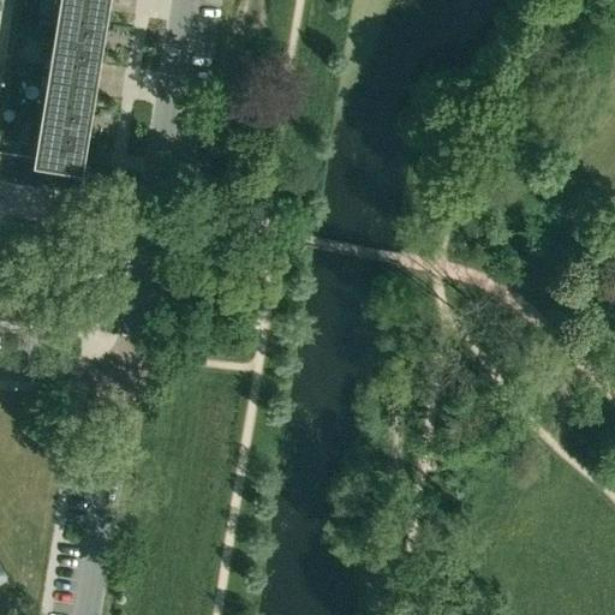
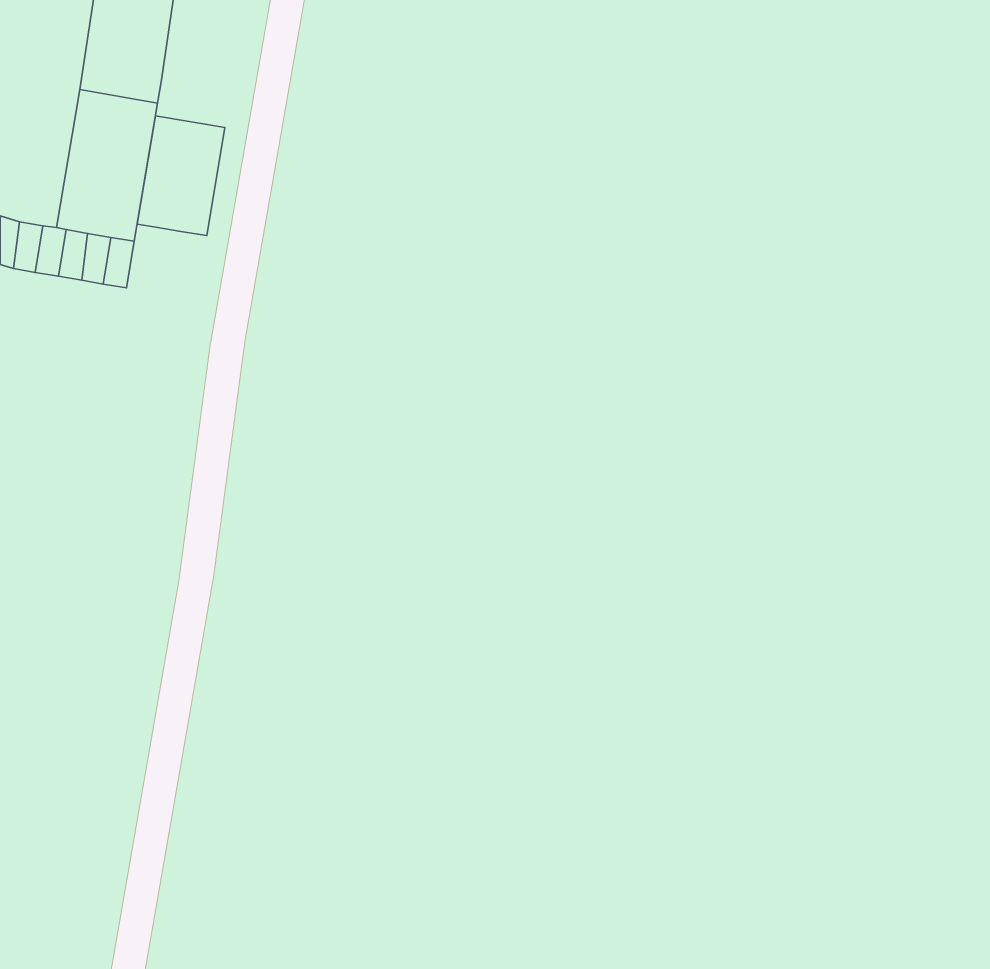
building: none -> [137,116,225,235]

